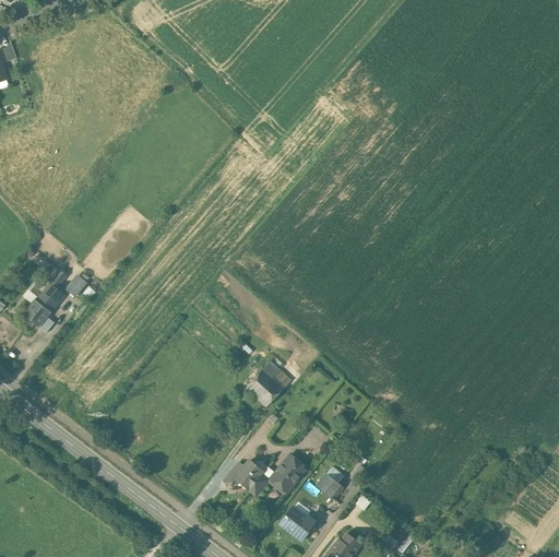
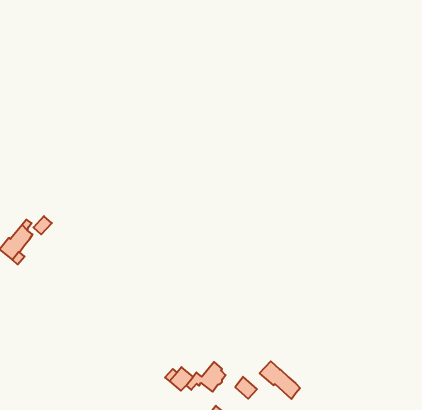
building: [246,360,284,406] -> none
building: none -> [260,361,300,399]

